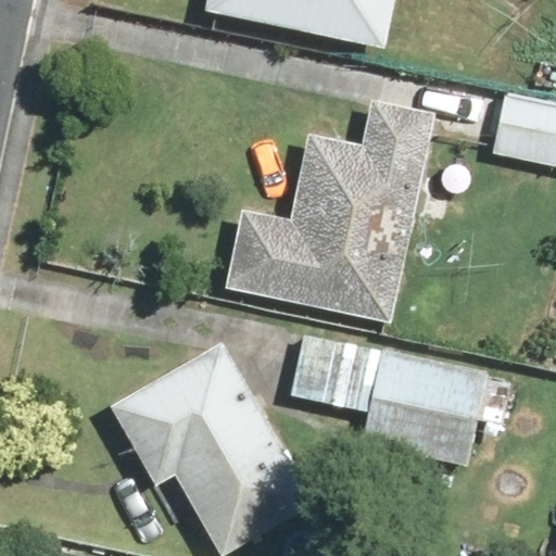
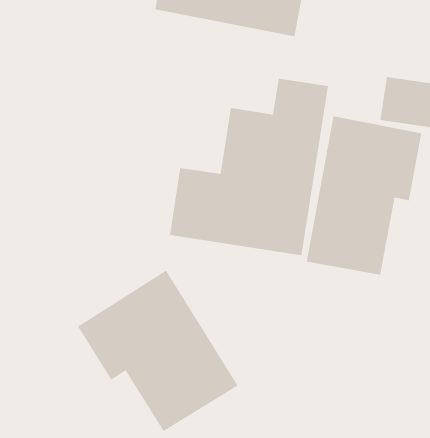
building: none -> [306,115,422,275]
building: [291,333,522,470] -> none

